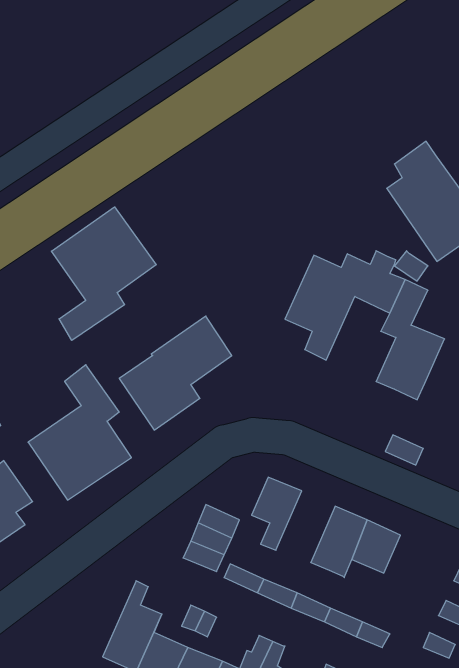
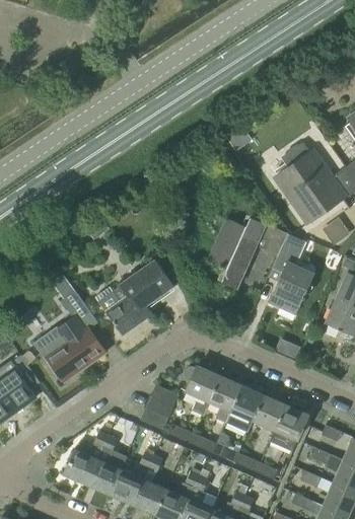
building: [51,207,156,340] -> none
building: none -> [202,375,241,423]
building: none -> [269,404,308,451]
building: none -> [63,431,109,486]

